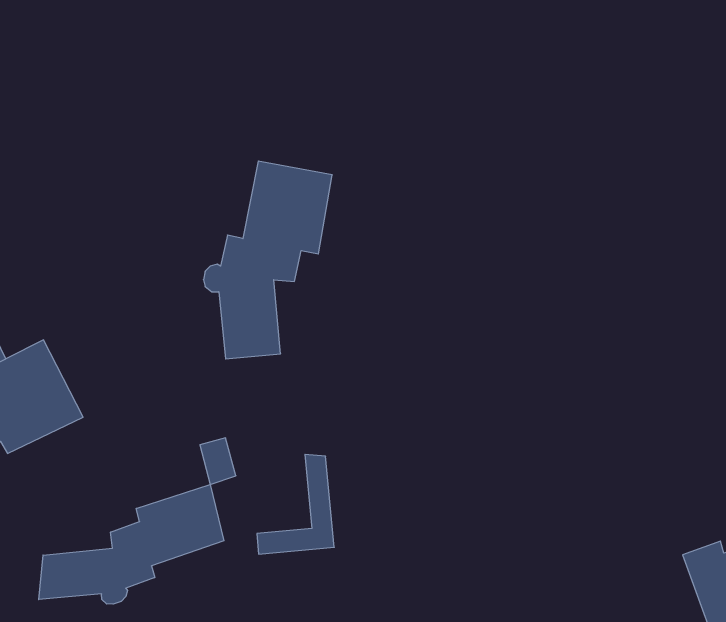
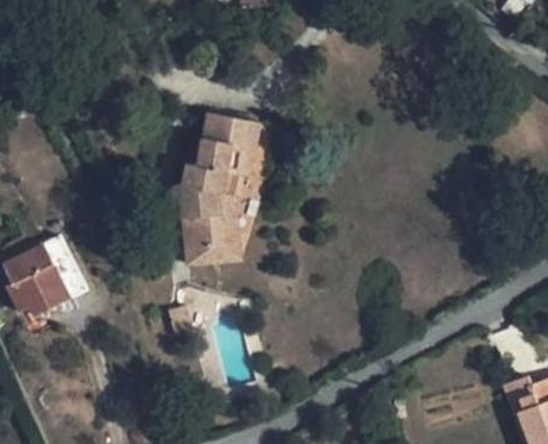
building: [257,454,334,554] -> [187,194,240,263]
building: [39,484,224,604] -> none

